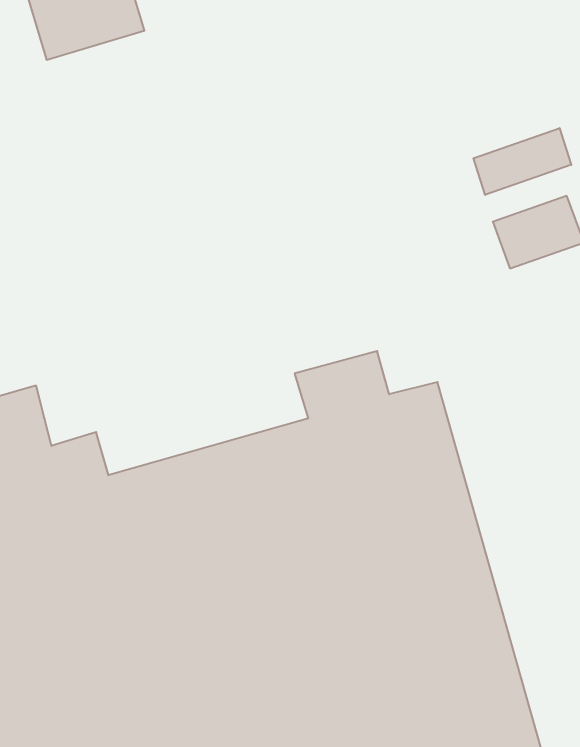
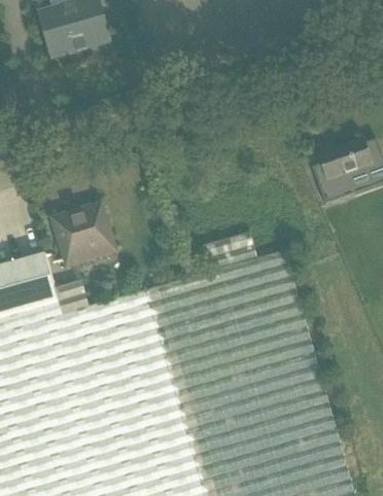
building: [474,128,571,195] -> none
building: none -> [51,207,116,272]

